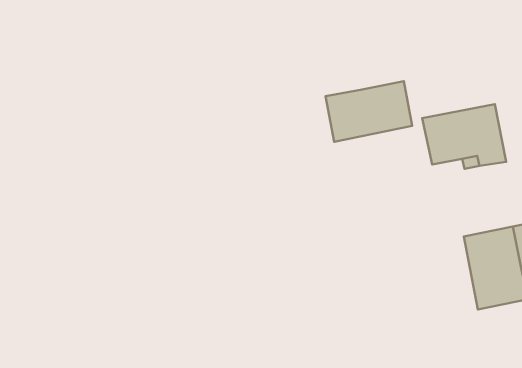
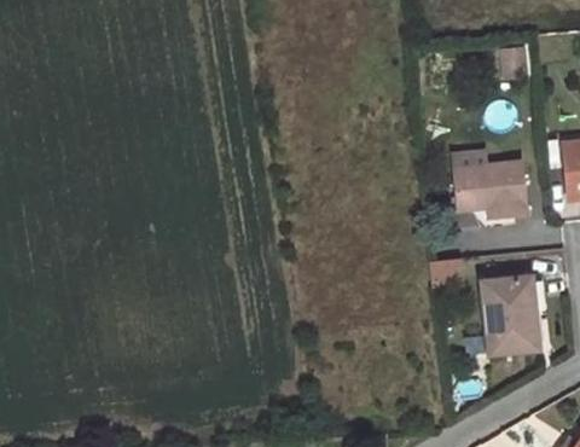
building: [325,81,412,142] -> none

